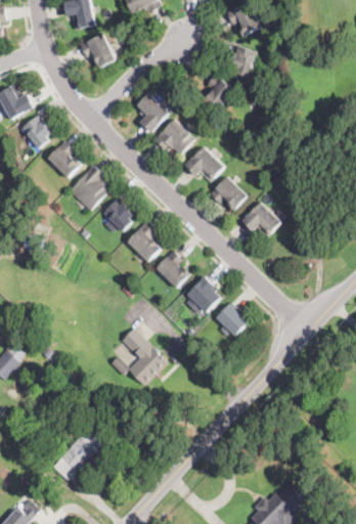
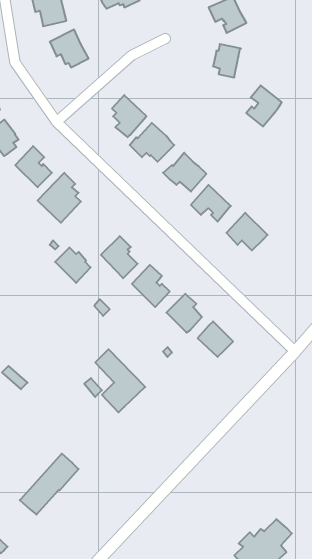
building: [202,74,234,112] -> [246,85,282,126]
building: [103,199,136,231] -> [55,247,91,283]

